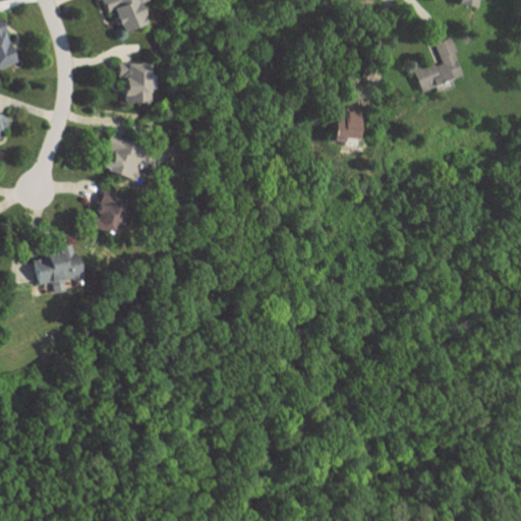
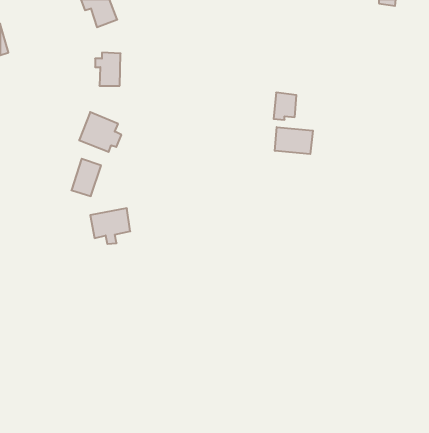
building: [414,37,466,91] -> none
building: none -> [275,127,313,154]
building: [34,249,81,292] -> [90,208,130,244]

